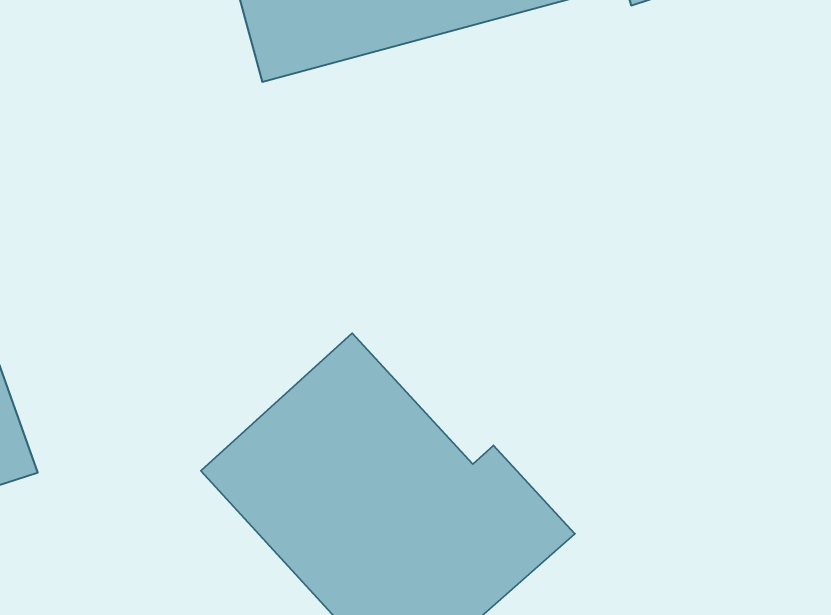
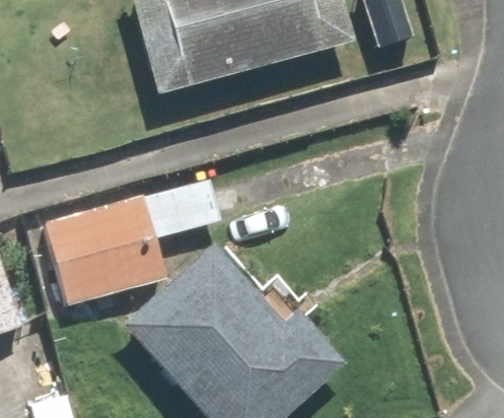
building: none -> [47,181,221,303]

